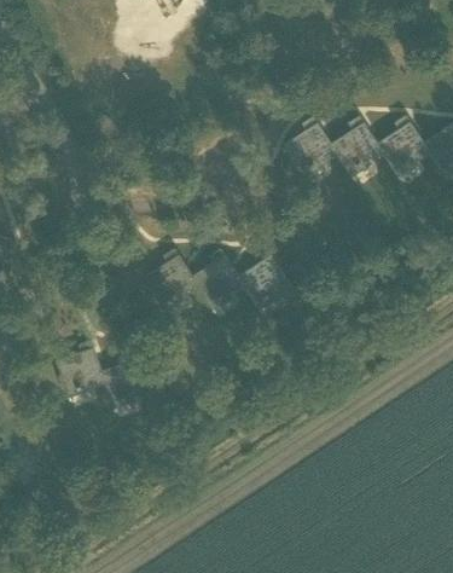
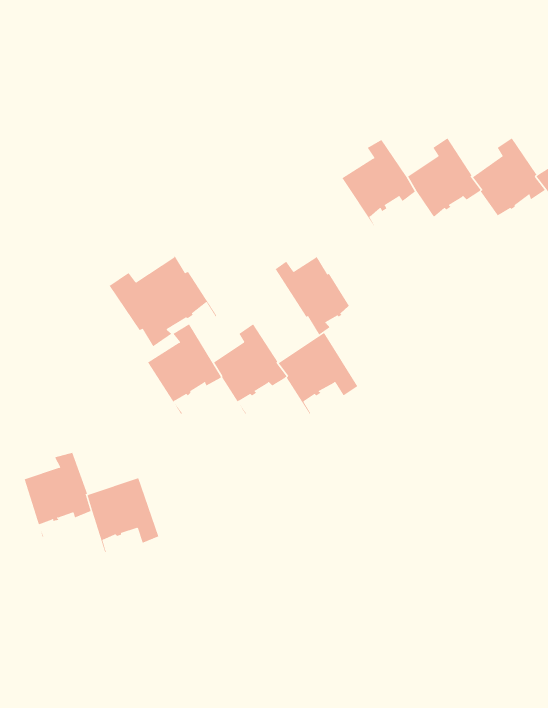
building: none -> [109,255,217,347]
building: none -> [275,255,359,336]

